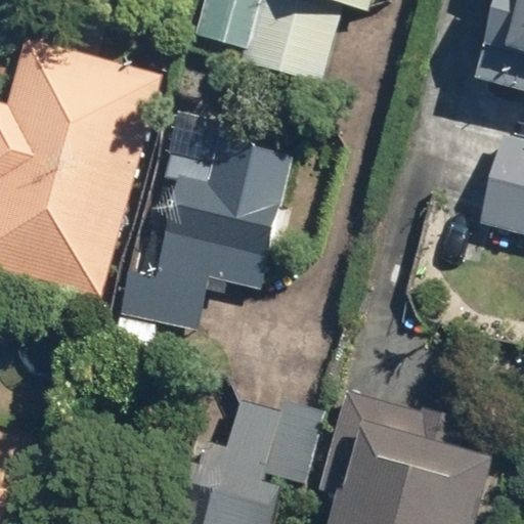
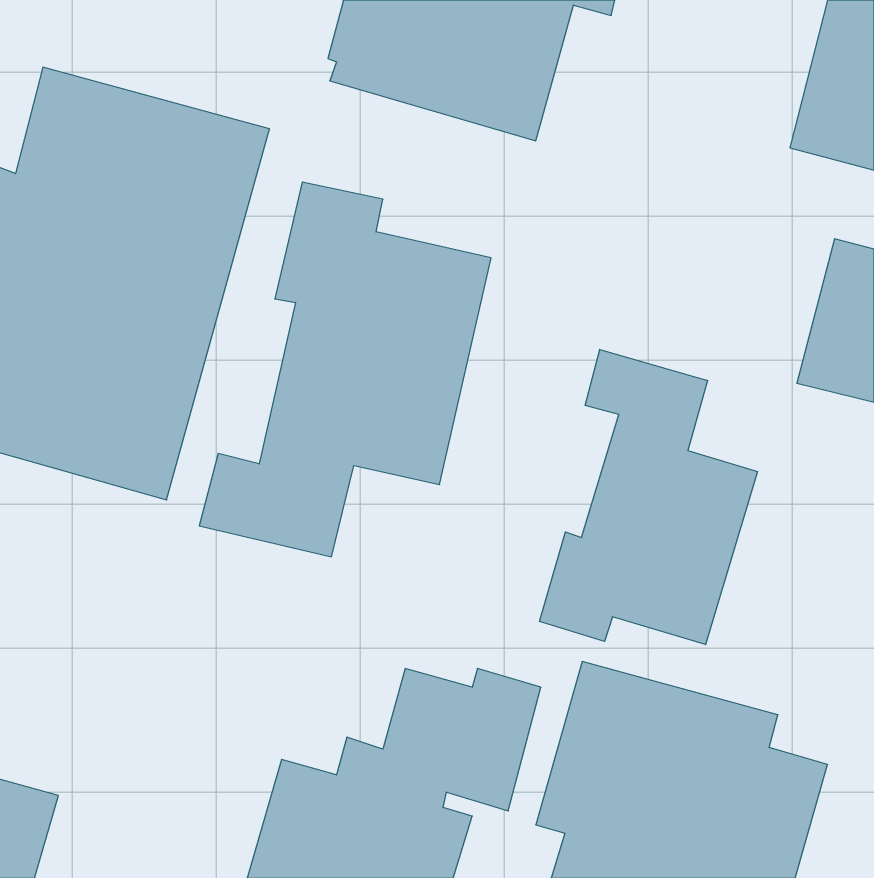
building: none -> [539,349,757,645]

